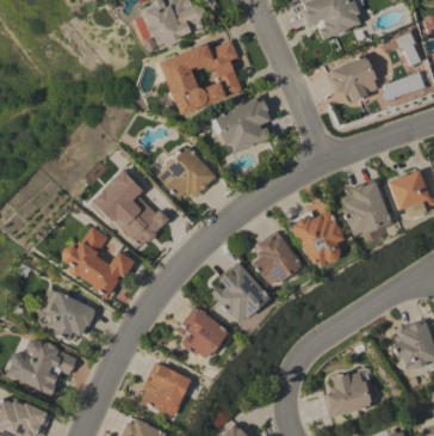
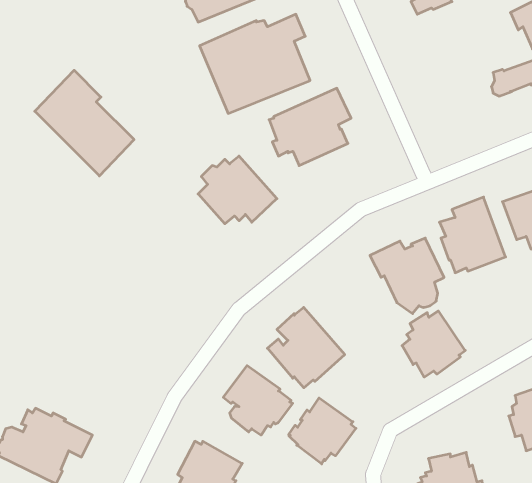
building: [327,55,379,103] -> none
building: [92,170,167,250] -> [35,70,134,176]
building: [62,225,136,299] -> none
building: [254,235,302,285] -> [402,311,465,377]
building: [38,288,99,340] -> none
building: none -> [289,398,356,464]

